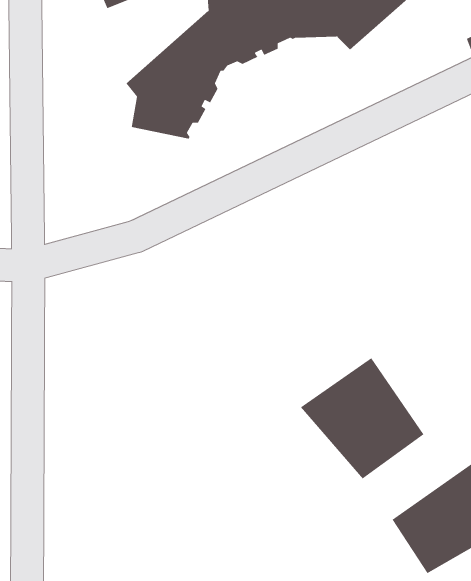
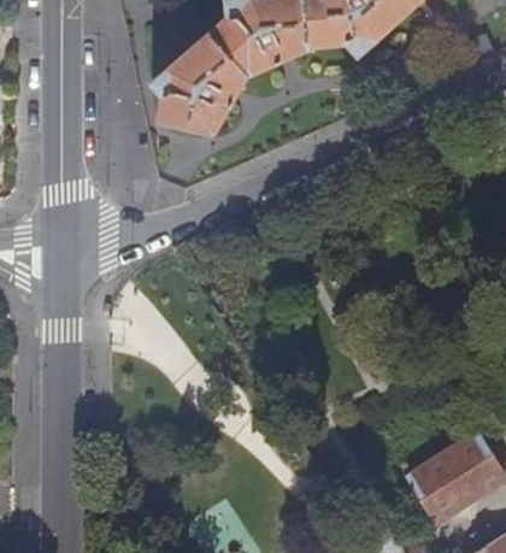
building: [300,357,424,479] -> none

